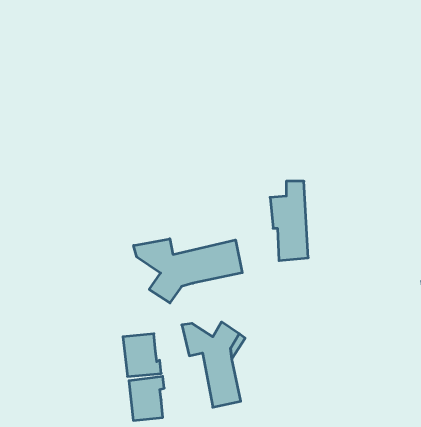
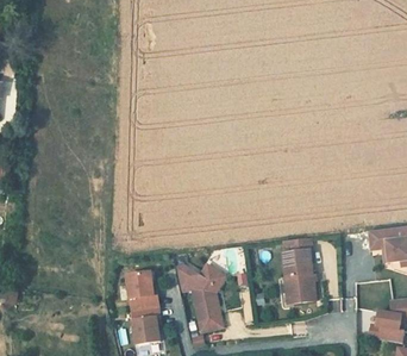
building: [270,181,308,261] -> [282,239,313,304]
building: [134,239,242,303] -> none

